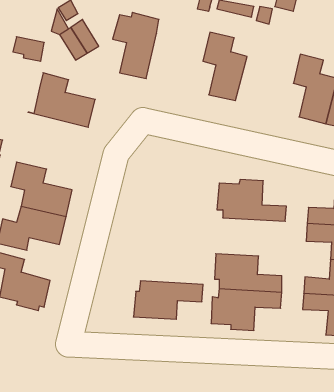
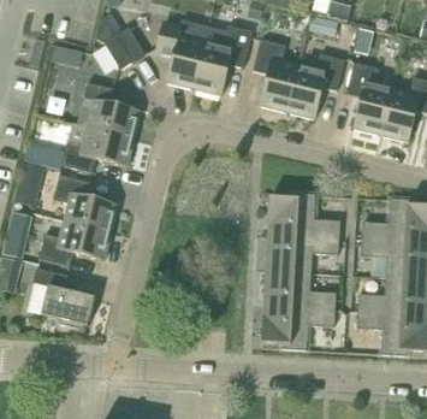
building: none -> [192,24,250,94]
building: none -> [285,53,343,117]
building: none -> [60,122,132,171]
building: [133,281,203,319] -> [265,231,337,271]

